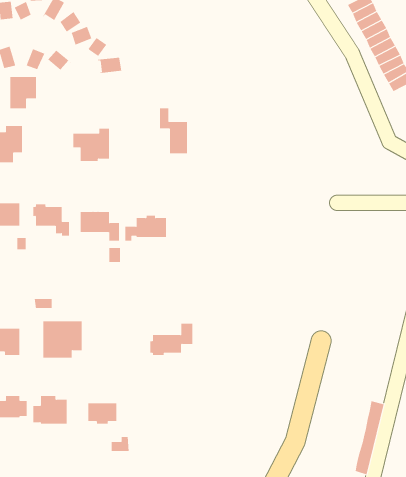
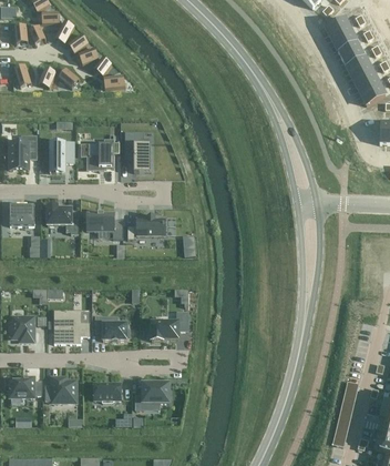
building: [9,77,37,109] -> [50,142,74,171]
building: [159,108,188,154] -> [125,131,151,172]
building: none -> [95,316,130,341]
building: none -> [135,383,170,409]

